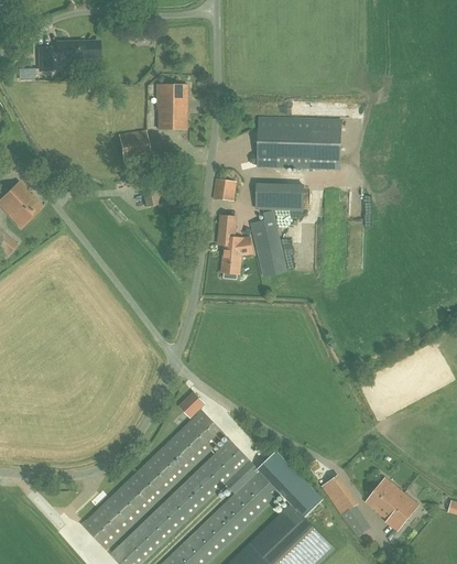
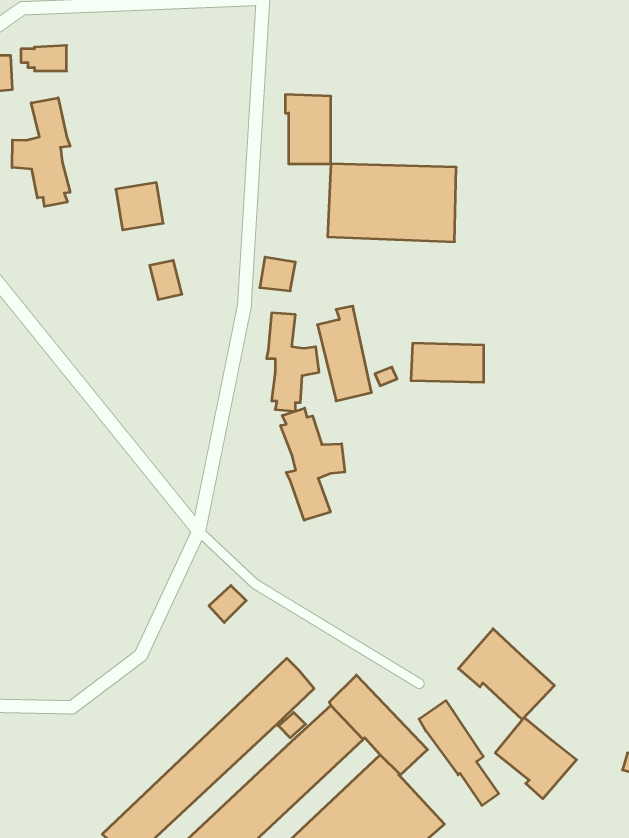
building: none -> [12,98,70,206]
building: [156,83,186,128] -> [285,95,331,164]
building: [255,183,303,208] -> [411,343,484,382]
building: none -> [281,408,345,520]
building: [83,409,225,547] -> none
building: none -> [458,629,554,719]

